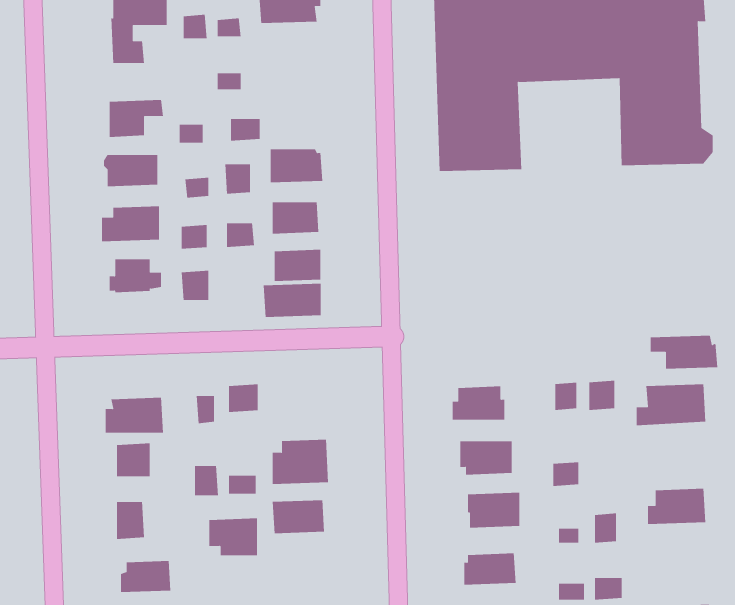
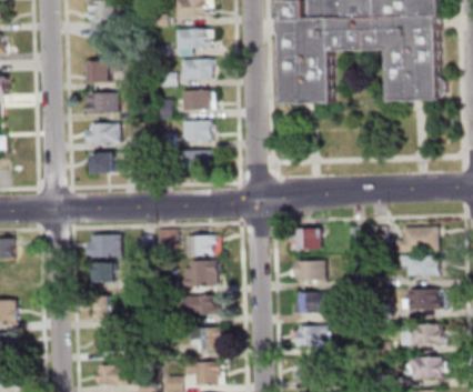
building: none -> [178,29,212,48]
building: none -> [182,59,212,79]
building: [263,283,322,317] -> [185,235,220,255]
building: [650,335,718,369] -> [400,255,440,275]
building: [208,518,258,556] -> [191,328,220,350]
building: none -> [401,323,443,343]

